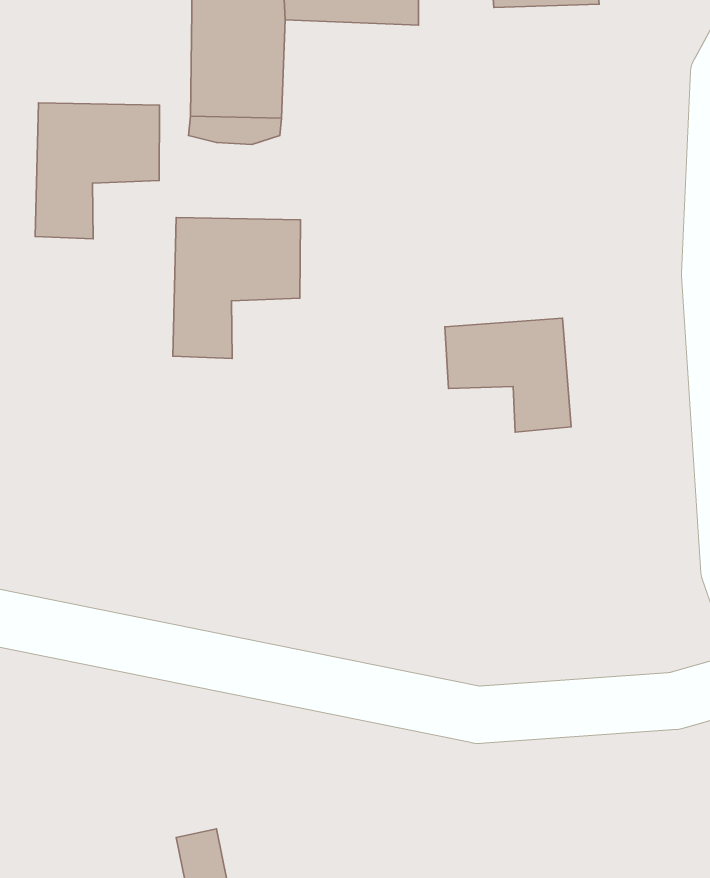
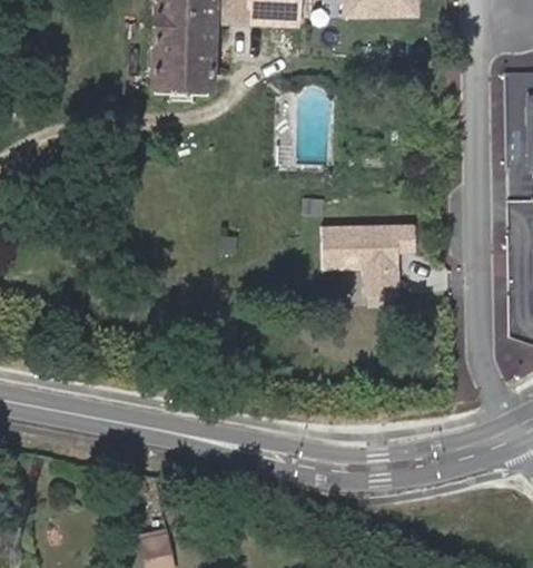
building: [35,103,159,239] -> none
building: [173,218,300,359] -> none

